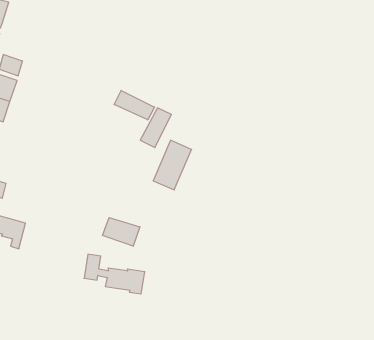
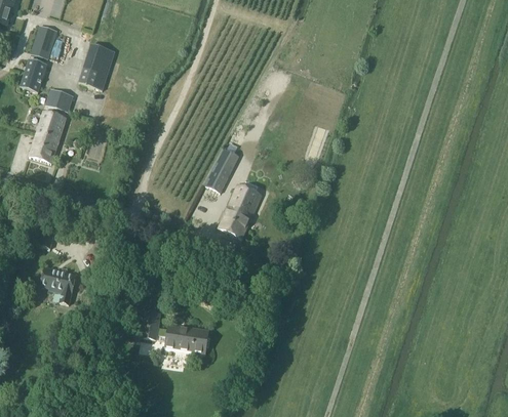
building: none -> [79,43,115,90]
building: [114,90,155,120] -> none
building: [103,218,140,246] -> none

